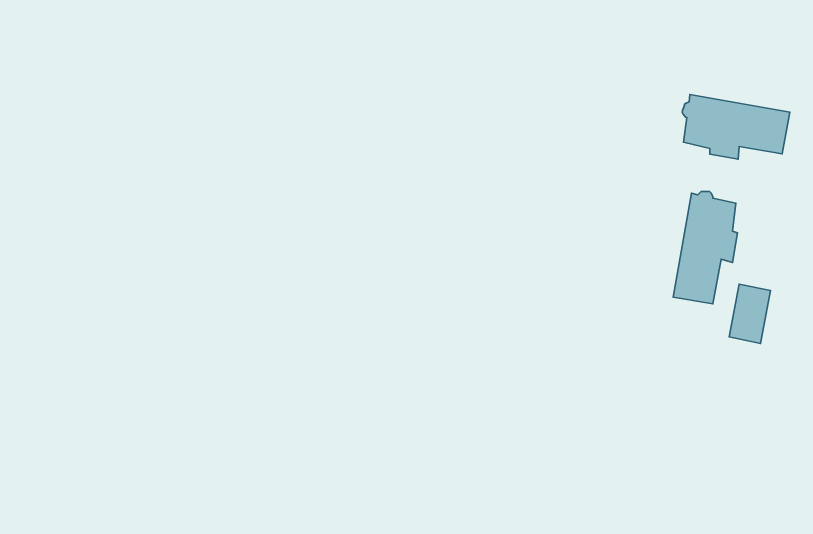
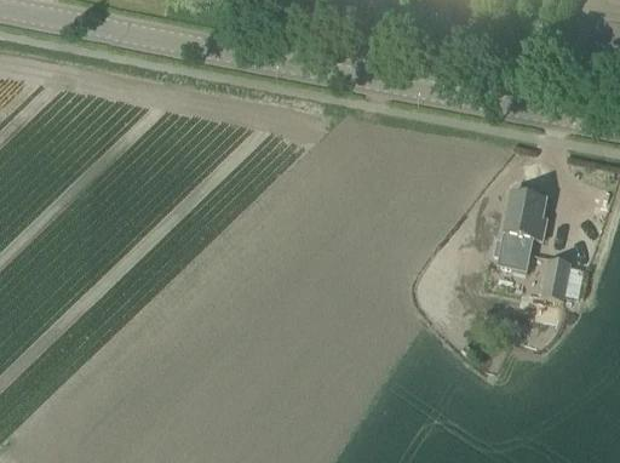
building: [682,95,790,159] -> none

